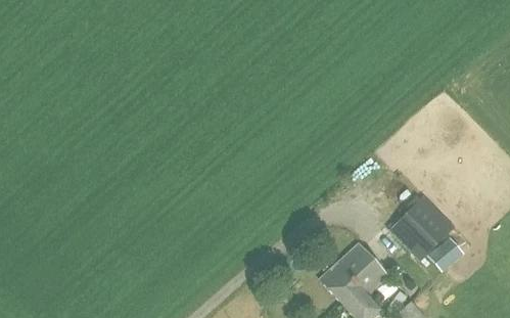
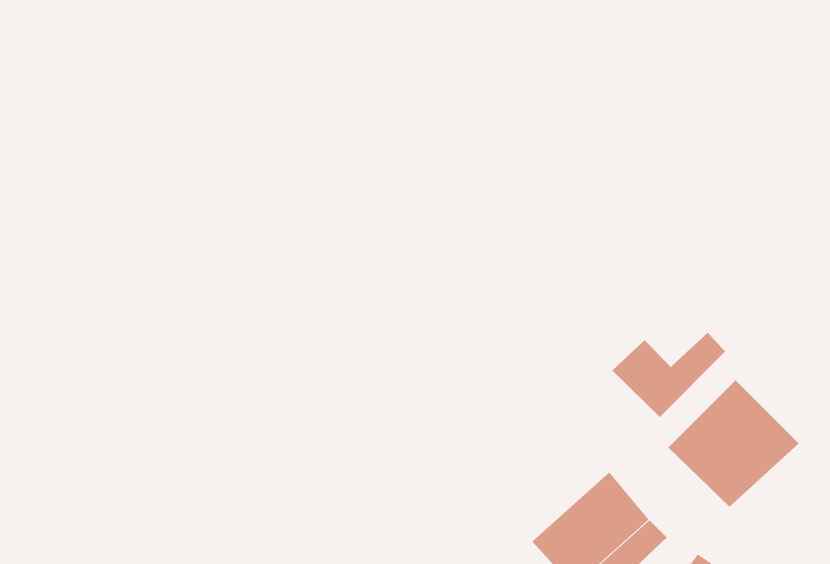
building: none -> [612,332,726,418]
building: [429,239,465,272] -> none

